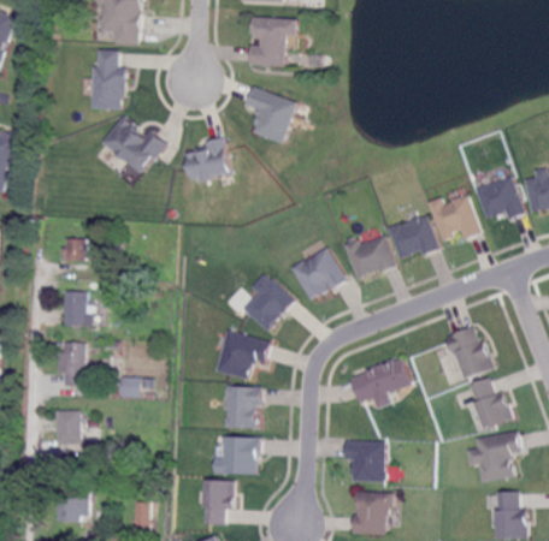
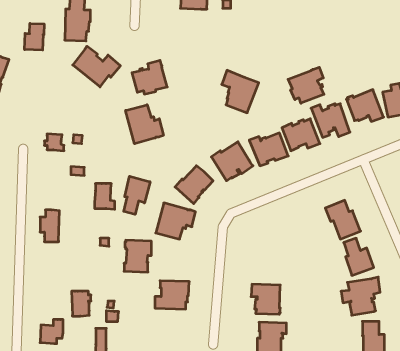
building: [246,85,296,143] -> [222,70,259,113]
building: none -> [25,23,44,50]
building: none -> [288,67,324,103]
building: none -> [126,105,163,144]
building: [64,290,92,325] -> [95,184,115,209]
building: none -> [124,176,150,214]
building: [349,357,411,402] -> none
building: [223,385,260,428] -> [124,240,151,272]
building: [57,409,83,442] -> [72,291,91,316]
building: [203,478,234,523] -> none

